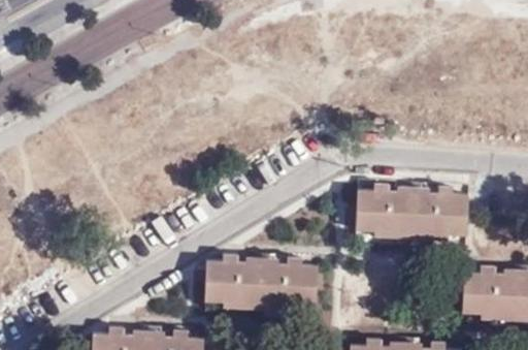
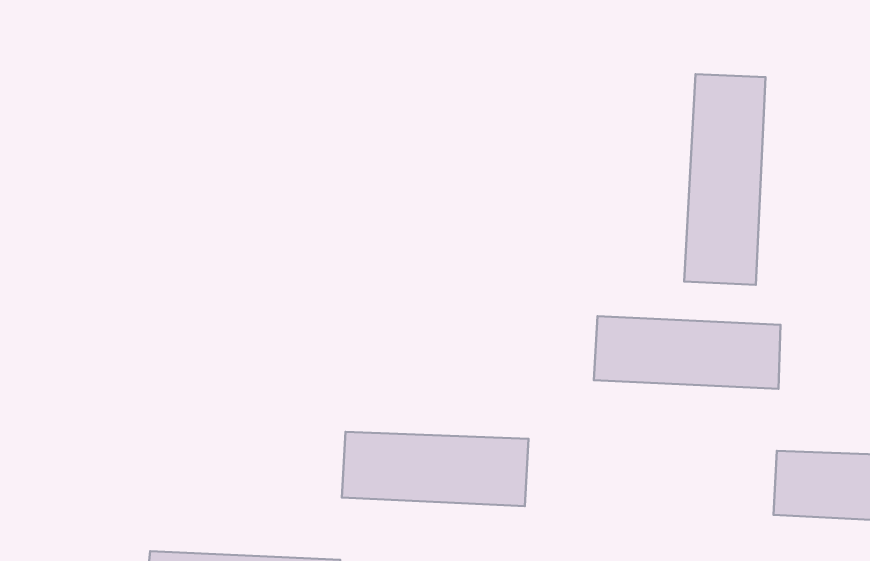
building: none -> [684,74,765,285]

